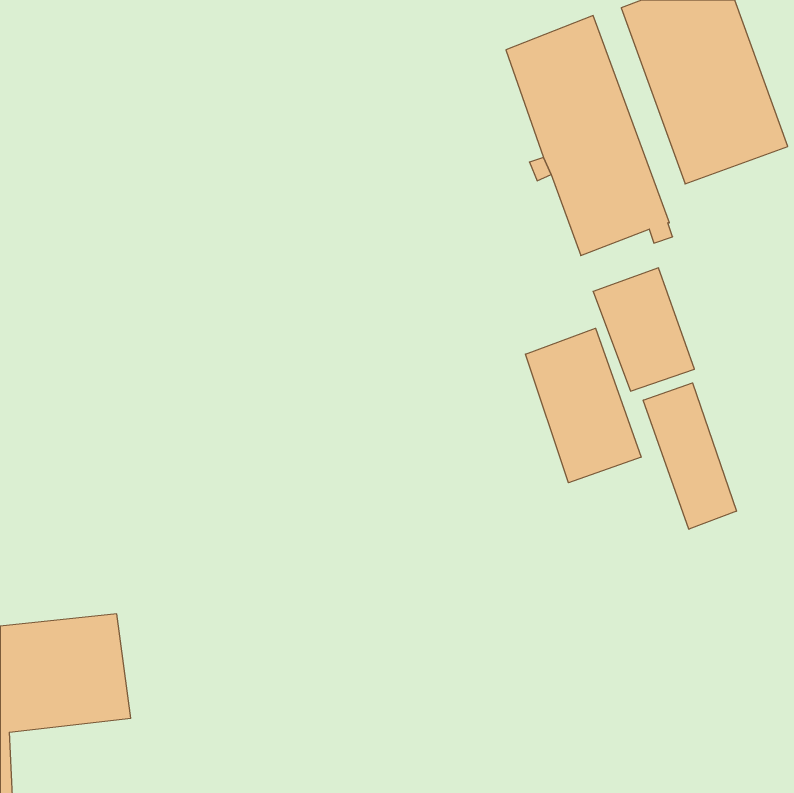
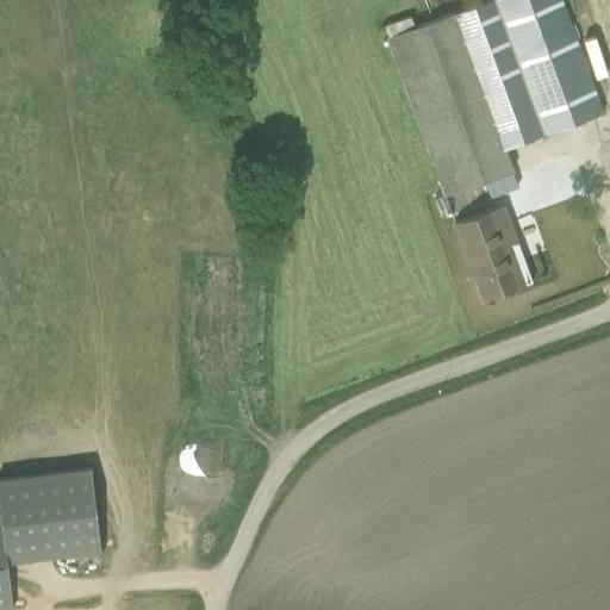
building: [525,328,641,483] -> none
building: [643,383,736,529] -> none

